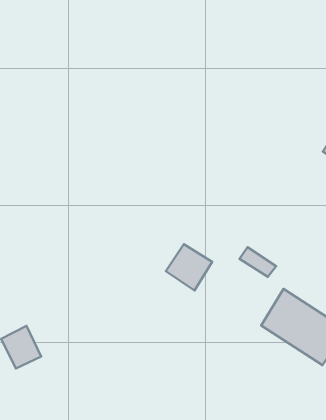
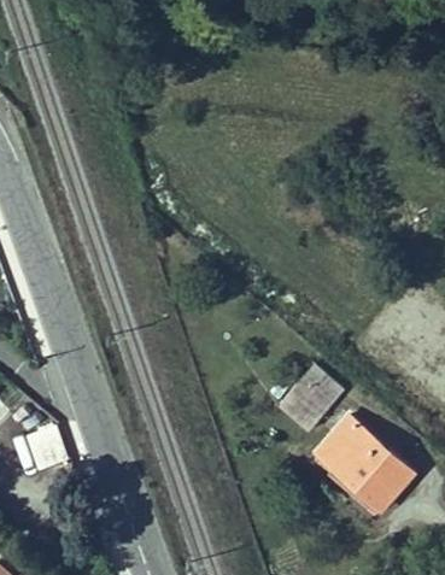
building: [166,244,212,290] -> [279,377,332,430]

